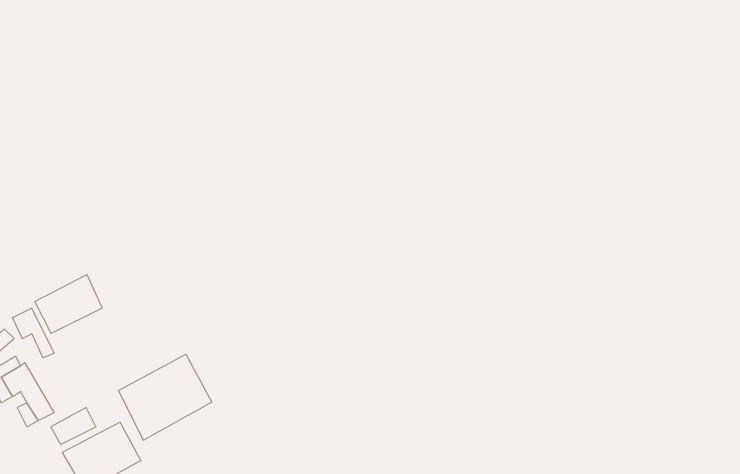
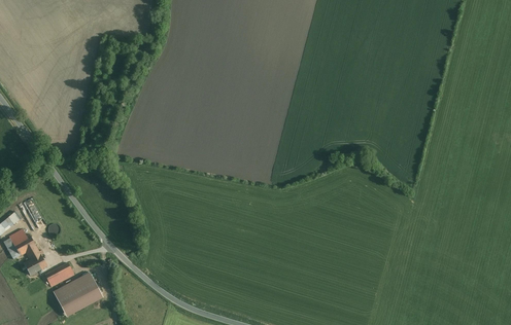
building: [35,275,102,334] -> none
building: [118,354,212,440] -> none

